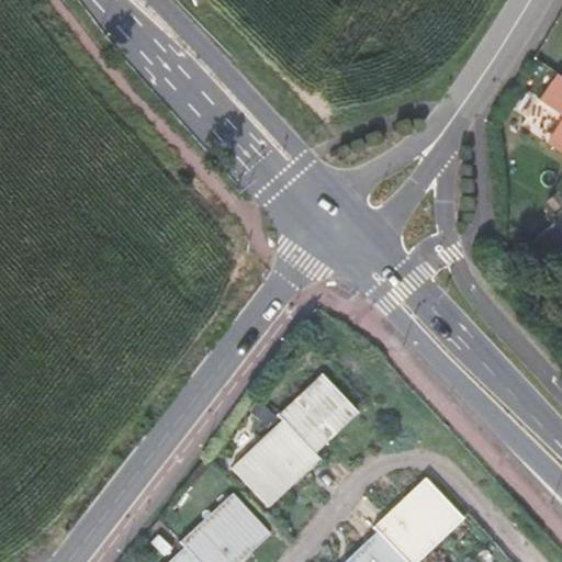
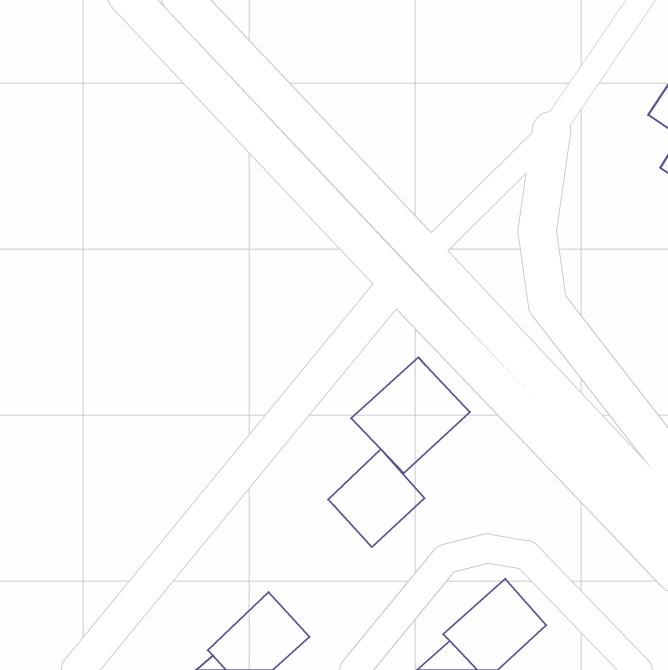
building: none -> [351,357,470,473]
building: [233,420,322,509] -> none

